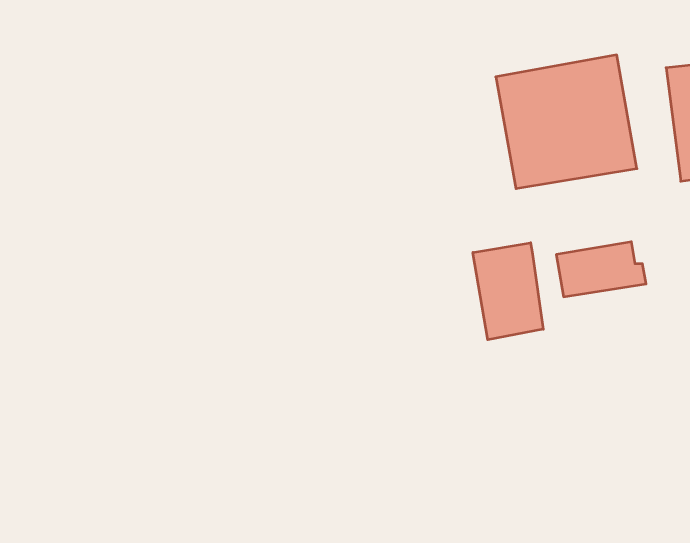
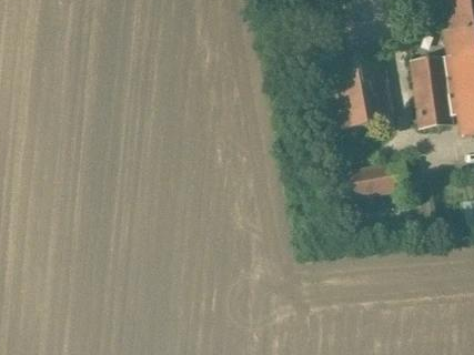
building: [473,243,543,340] -> none

